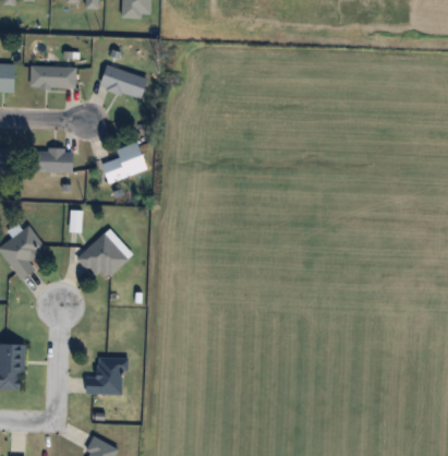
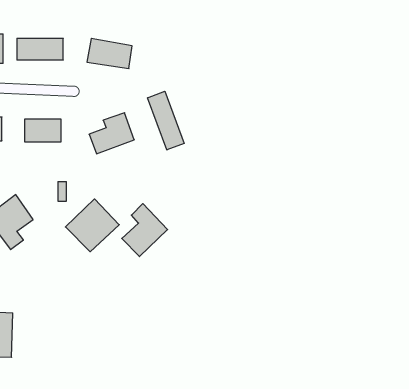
building: none -> [148,91,184,150]
building: none -> [122,204,168,257]
building: [86,358,124,394] -> none

